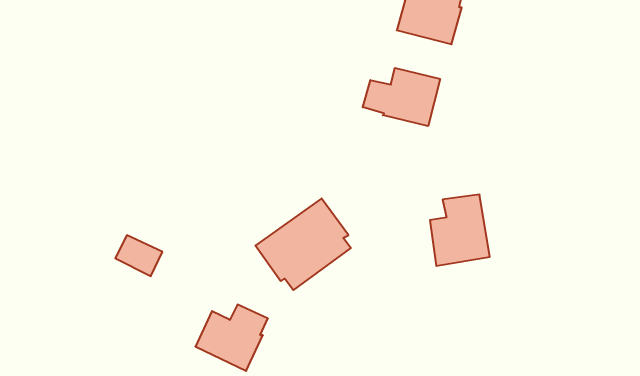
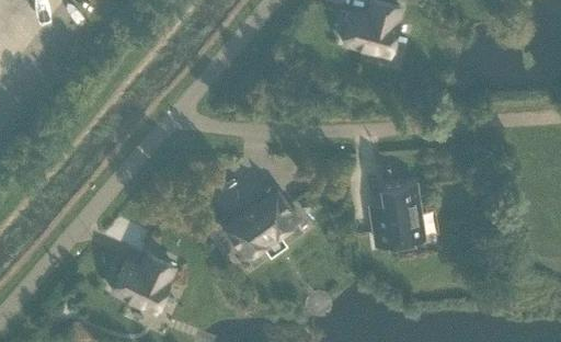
building: [363,68,440,126] -> none
building: [195,305,268,371] -> [112,254,174,311]

